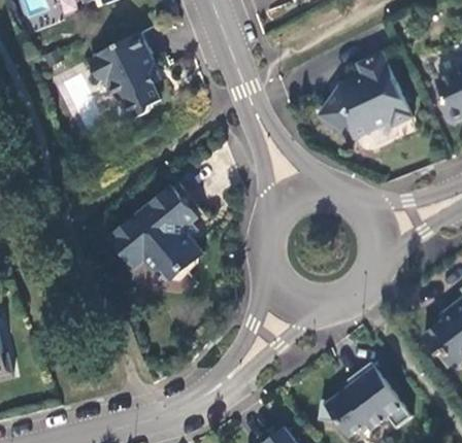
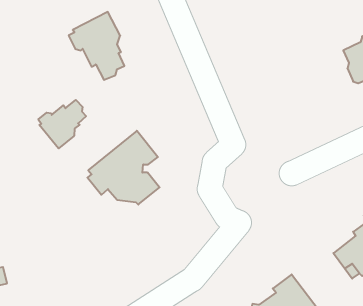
building: [319,53,411,139] -> none
building: none -> [38,100,86,148]

